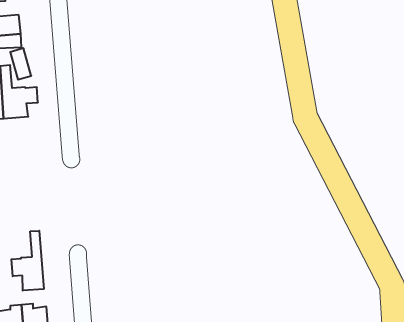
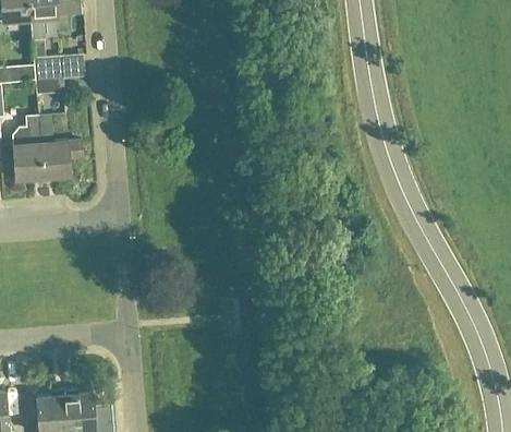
building: [11,231,44,291] -> none

